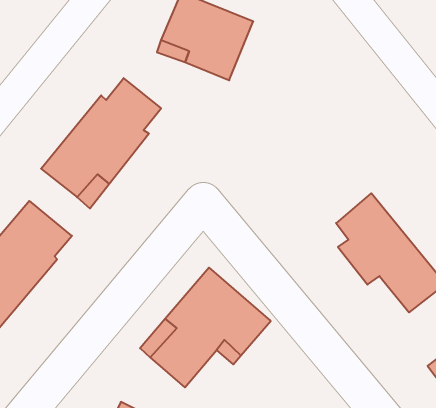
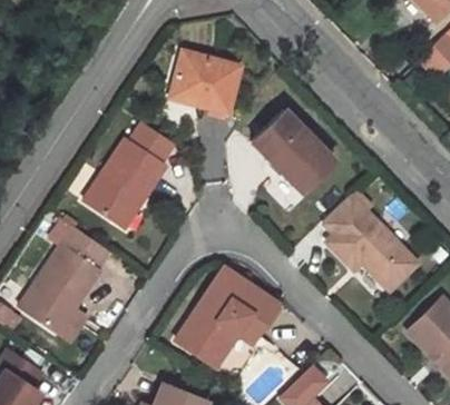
building: none -> [252,110,333,191]

